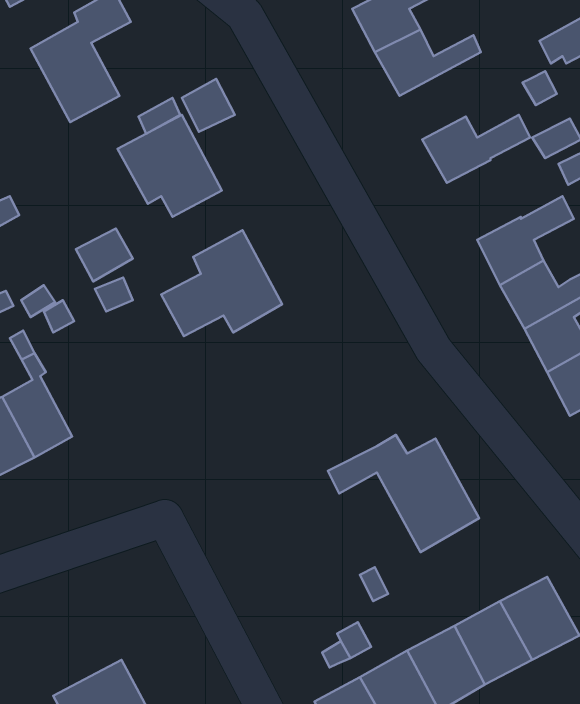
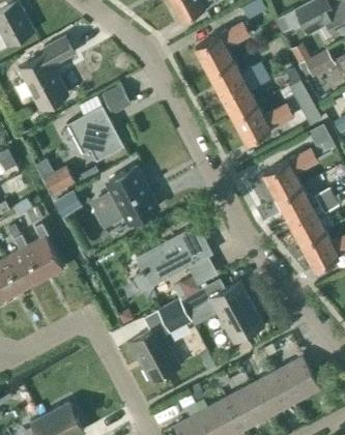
building: none -> [221,70,270,118]
building: none -> [24,224,63,281]
building: none -> [135,225,217,291]
building: none -> [128,298,191,382]

